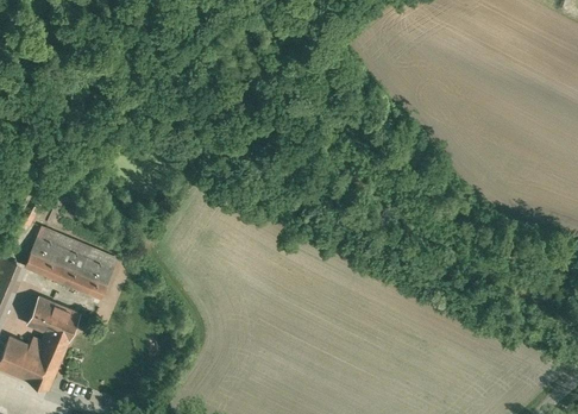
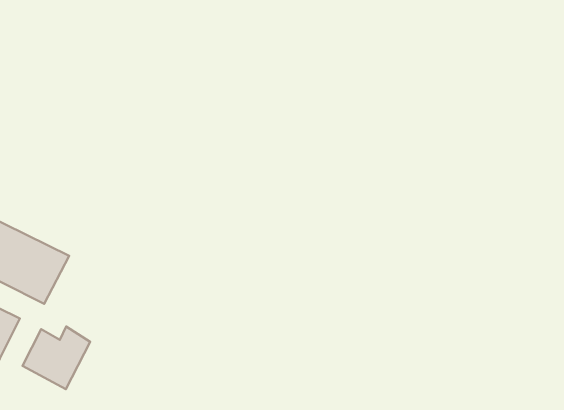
building: none -> [22,327,90,389]

